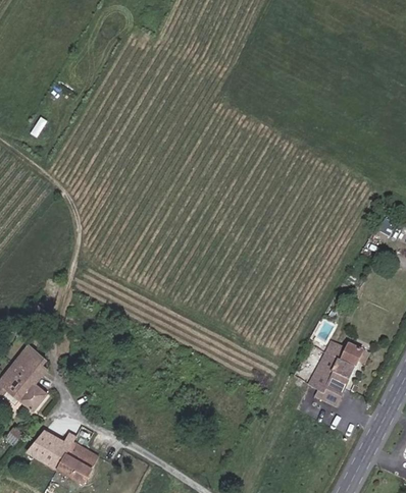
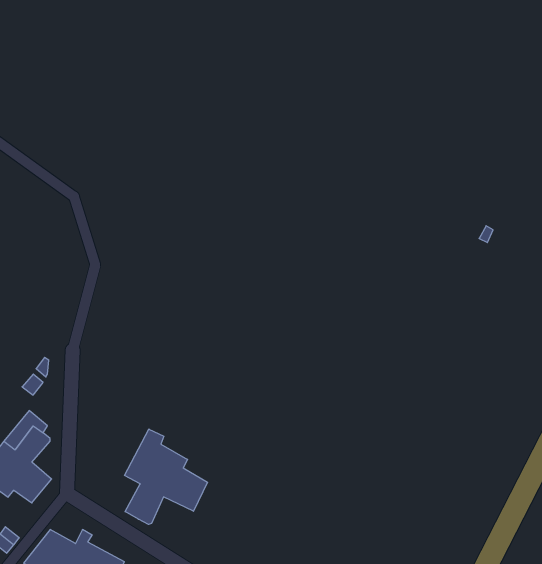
building: [308,339,363,401] -> none
building: none -> [125,429,208,524]

